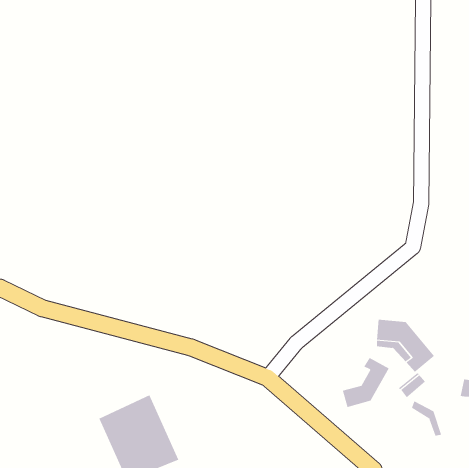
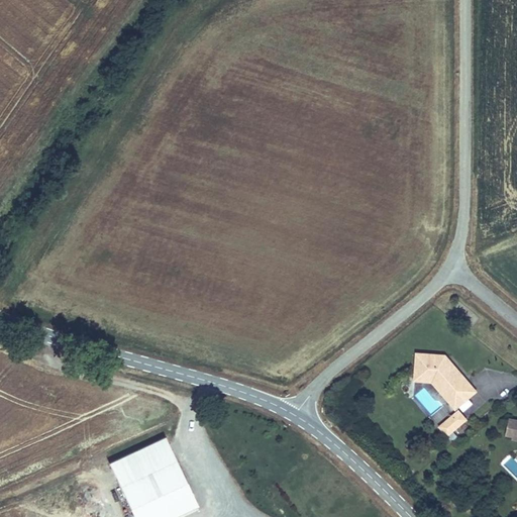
building: [342,357,390,408] -> none
building: [411,400,442,436] -> none

